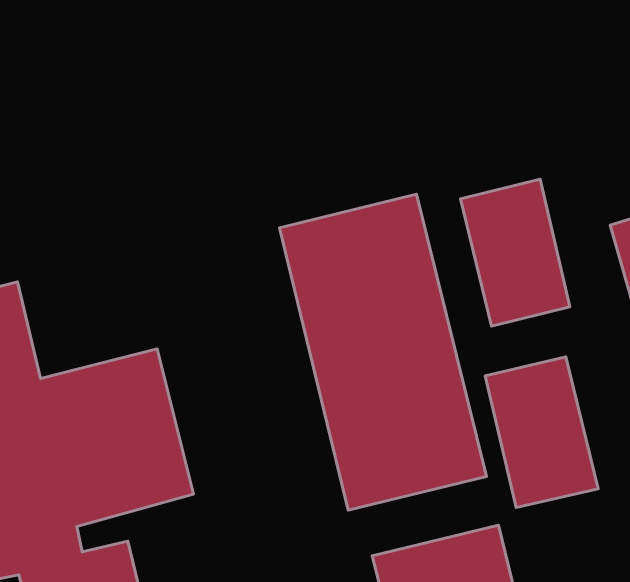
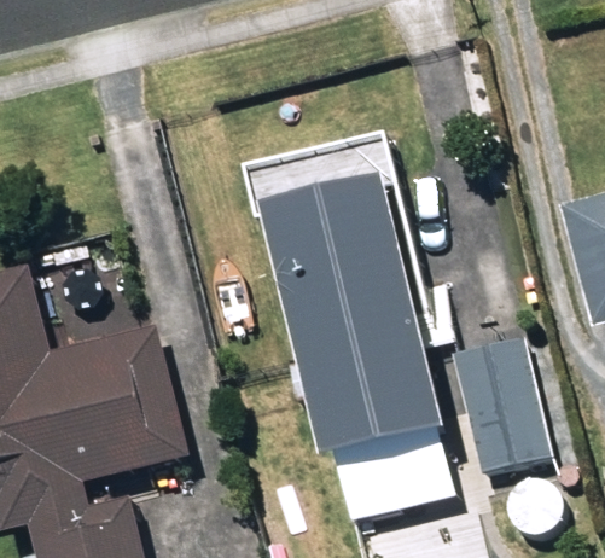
building: [461,179,570,326] -> none

